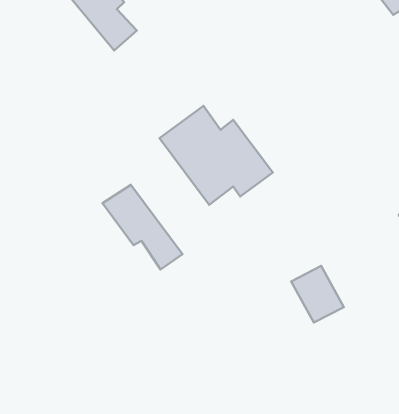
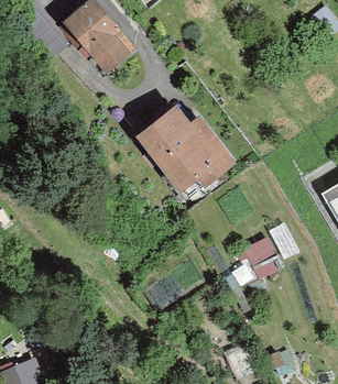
building: [103,185,183,269] -> none

